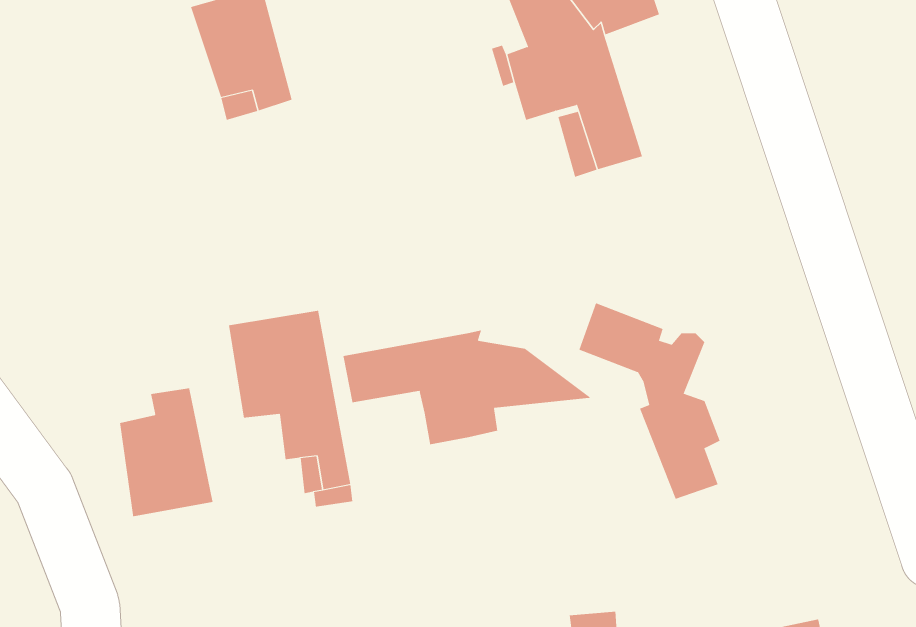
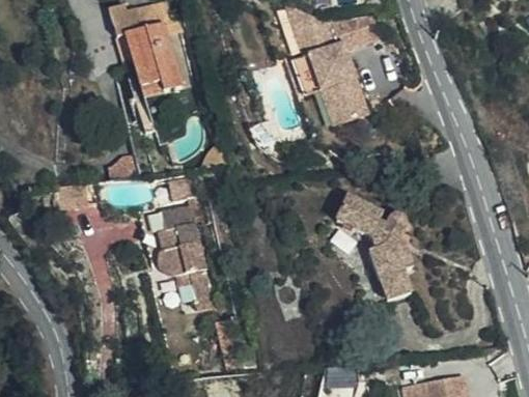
building: [343,330,592,445] -> none
building: [120,388,213,517] -> none

